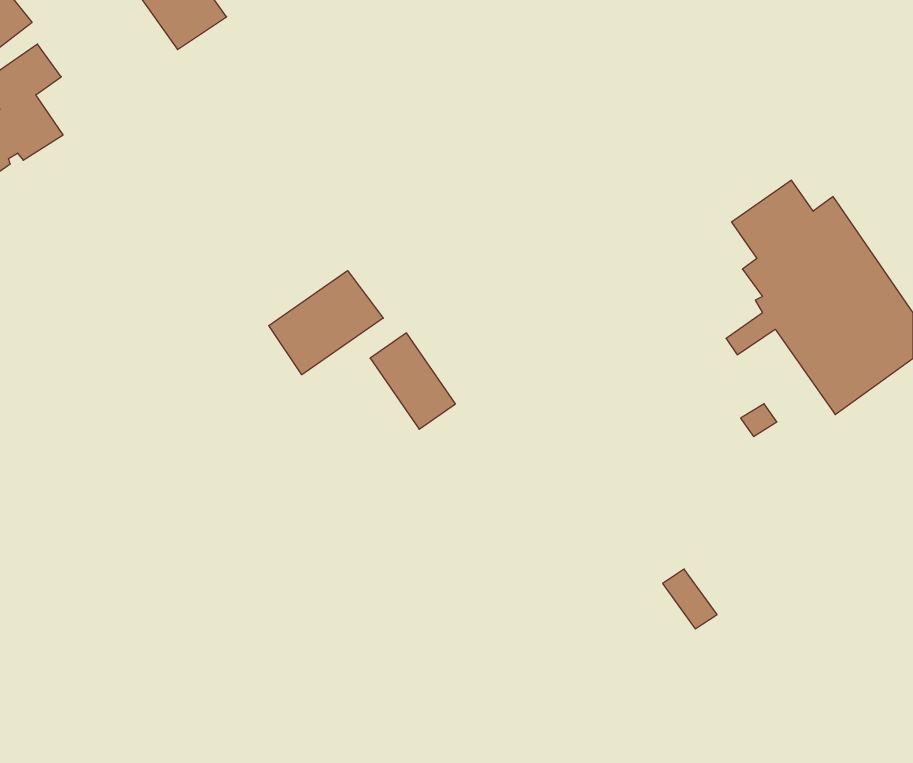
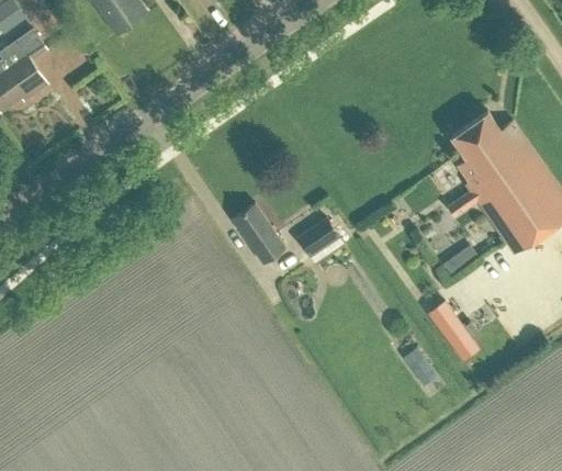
building: [269,271,383,375] -> none
building: none -> [297,218,344,265]
building: none -> [429,303,480,361]

